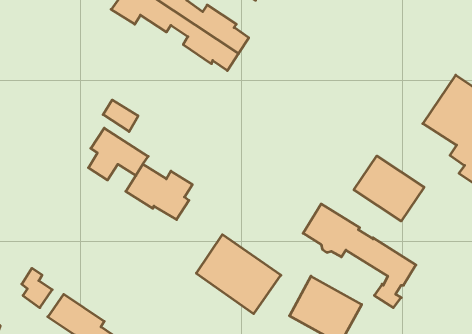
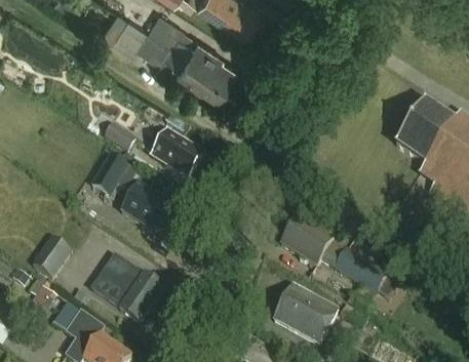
building: none -> [151,131,202,177]
building: [354,156,424,221] -> none
building: none -> [33,240,72,282]
building: [196,235,281,314] -> [85,252,162,324]

